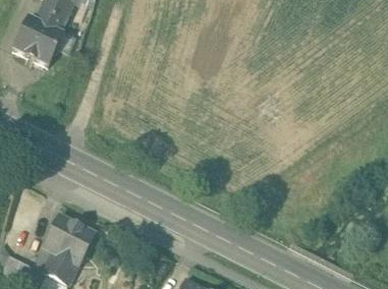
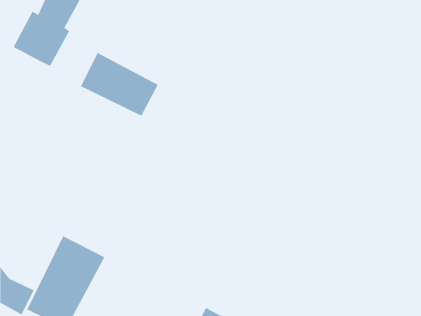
building: none -> [80,52,159,116]

